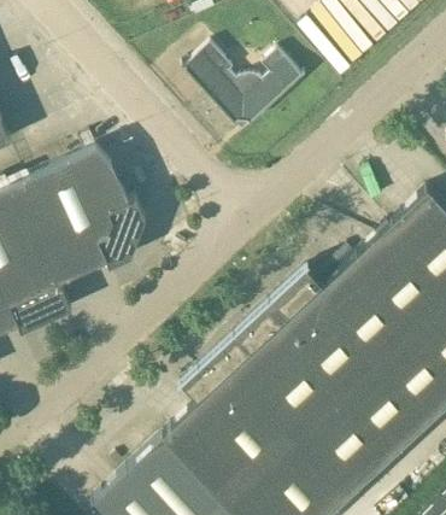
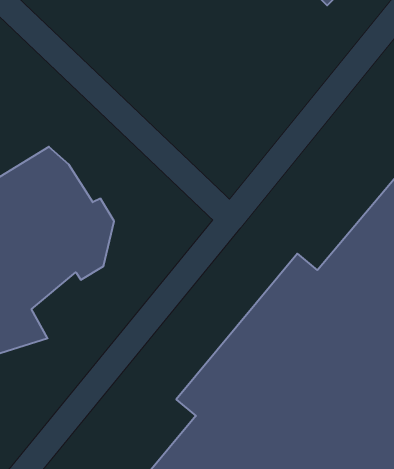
building: [183,43,303,124] -> none

